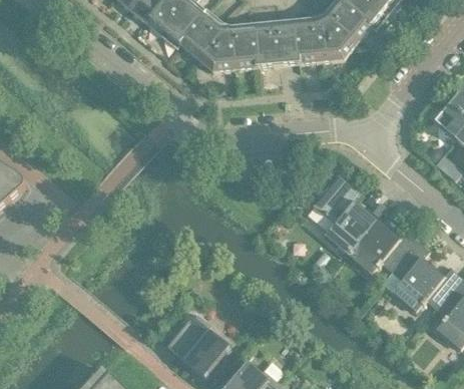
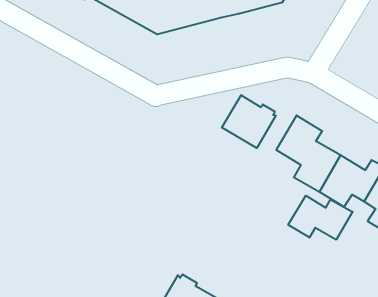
building: none -> [222,95,276,148]
building: none -> [288,196,353,240]

